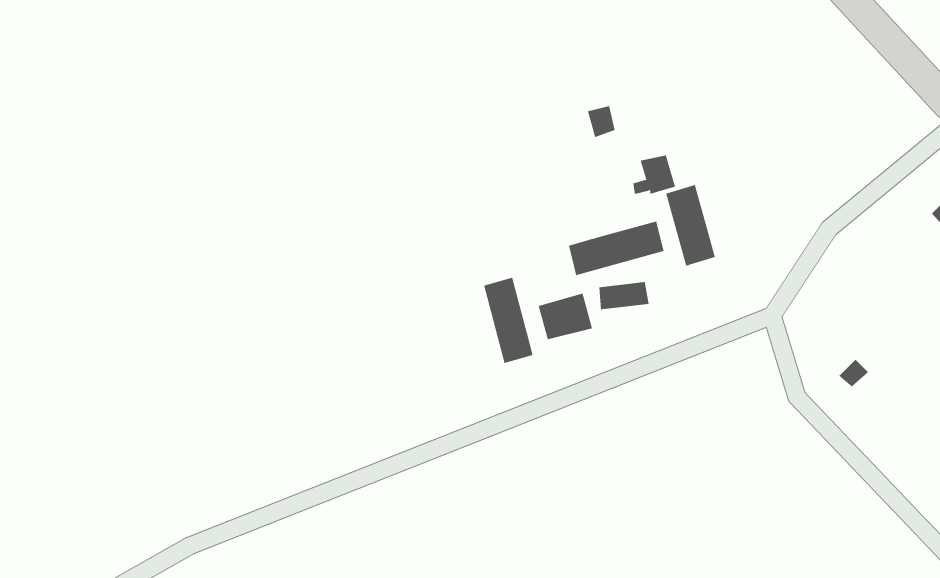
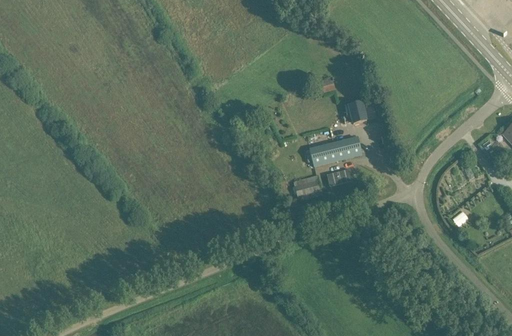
building: [665,184,715,267] -> none
building: [484,277,533,364] -> none

